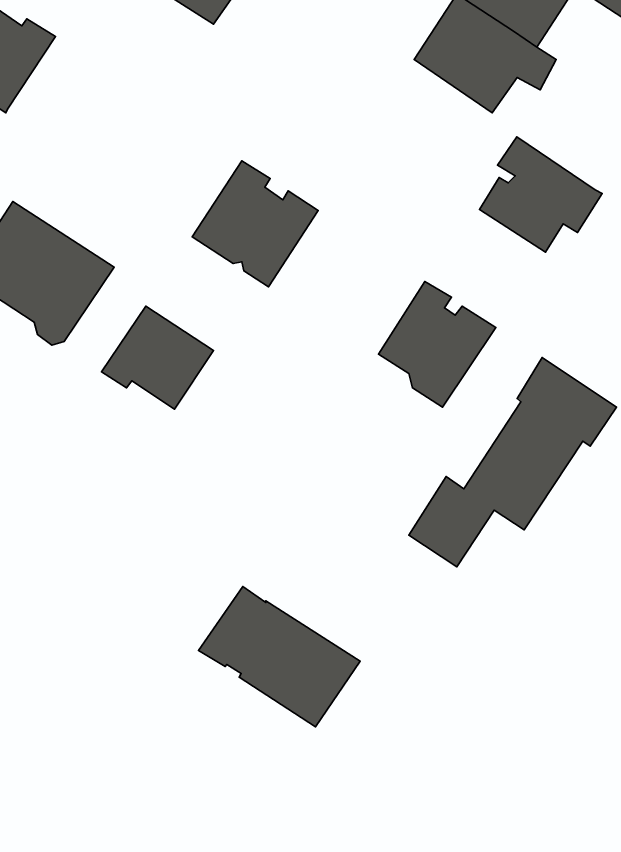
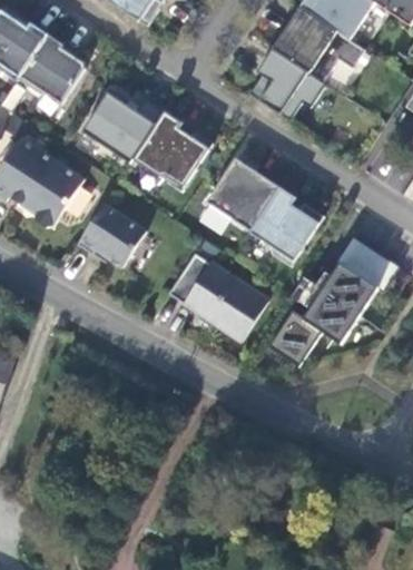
building: none -> [17,32,85,102]
building: none -> [81,87,164,163]
building: [480,137,602,252] -> [248,47,325,119]
building: none -> [206,157,278,229]
building: [198,587,360,727] -> [166,253,267,341]

